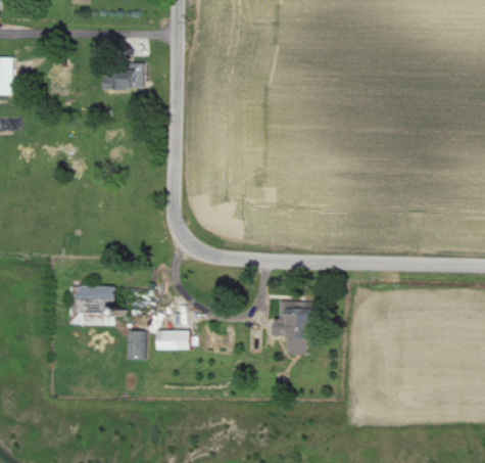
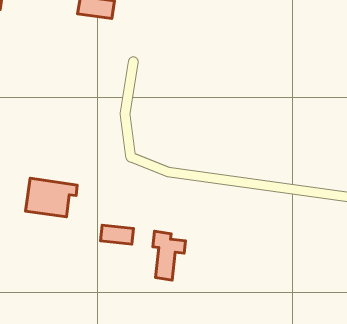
building: [280,300,317,355] -> [153,231,185,280]
building: [127,330,144,359] -> none

